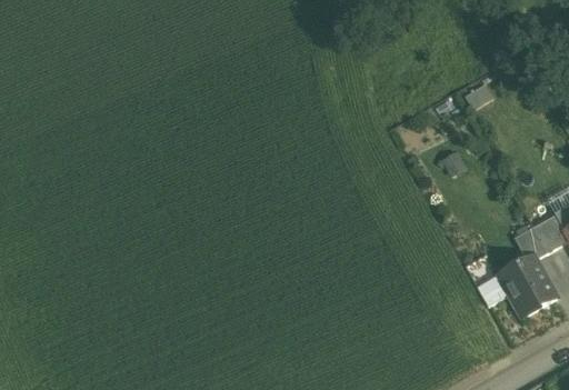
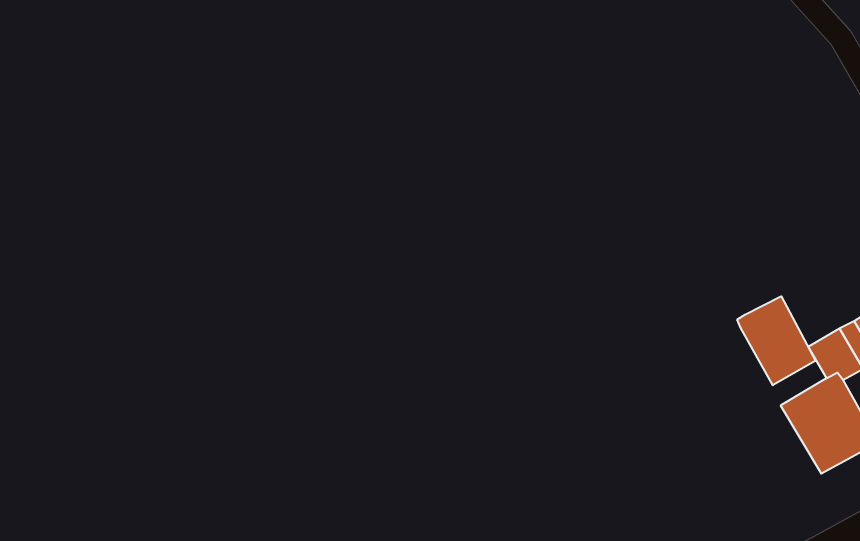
building: none -> [737,296,816,385]

